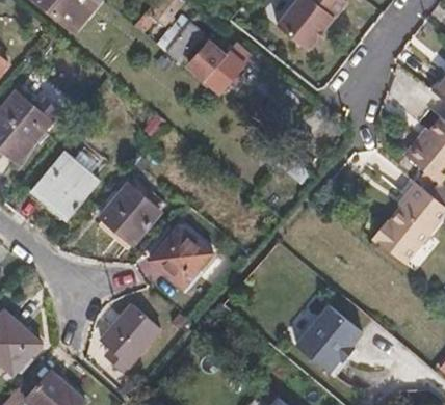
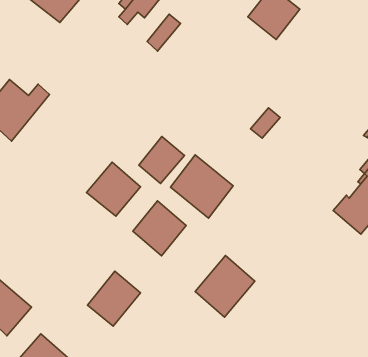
building: [189,40,252,93] -> none
building: [32,151,100,220] -> none
building: none -> [139,137,184,184]
building: none -> [171,155,233,218]
building: [295,307,361,375] -> [195,255,255,317]

